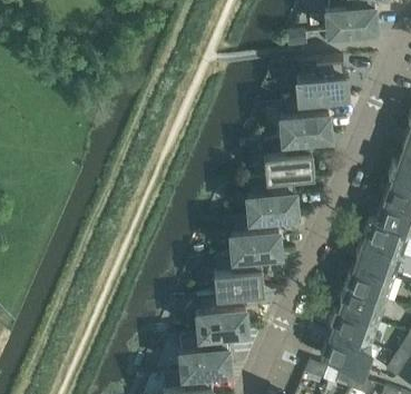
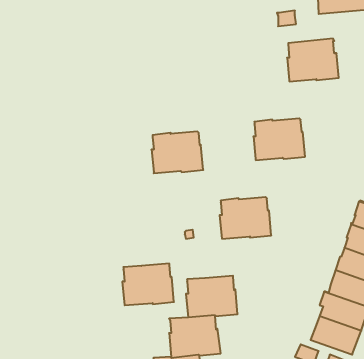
building: [280,98,331,139] -> none
building: [246,176,297,217] -> [151,132,203,173]
building: [213,254,264,295] -> [122,264,174,305]

